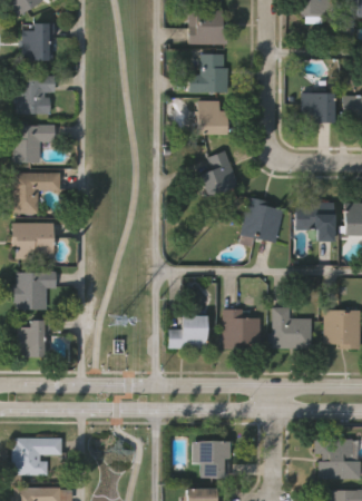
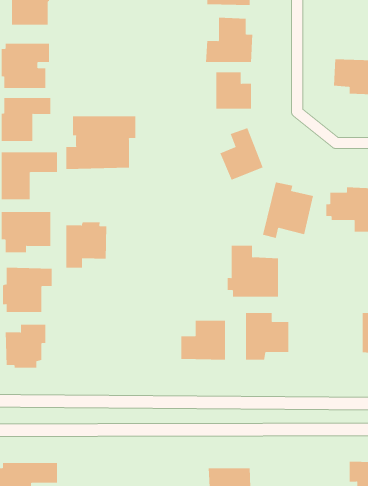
building: none -> [66,116,136,170]
building: none -> [66,221,107,269]
building: [266,306,311,351] -> [227,245,279,297]

